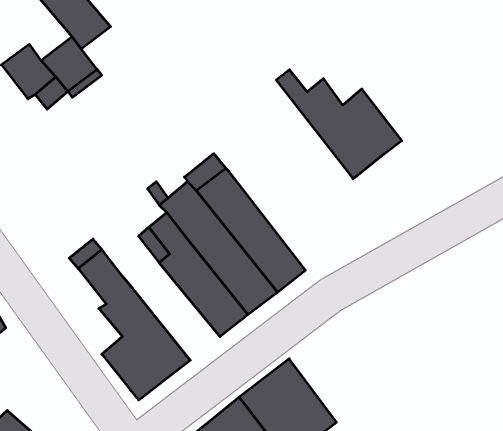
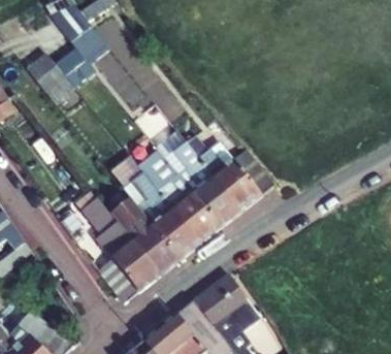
building: [276,70,402,179] -> [185,135,272,212]
building: none -> [116,212,178,275]

